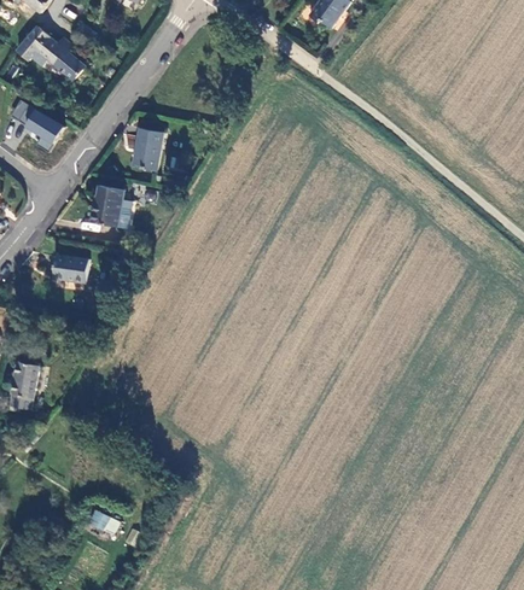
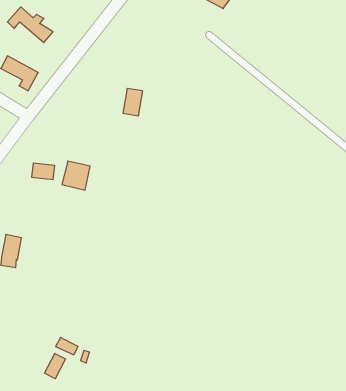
building: [133,129,162,169] -> [123,88,143,116]
building: [92,186,133,228] -> [62,161,90,190]
building: none -> [45,353,66,379]

